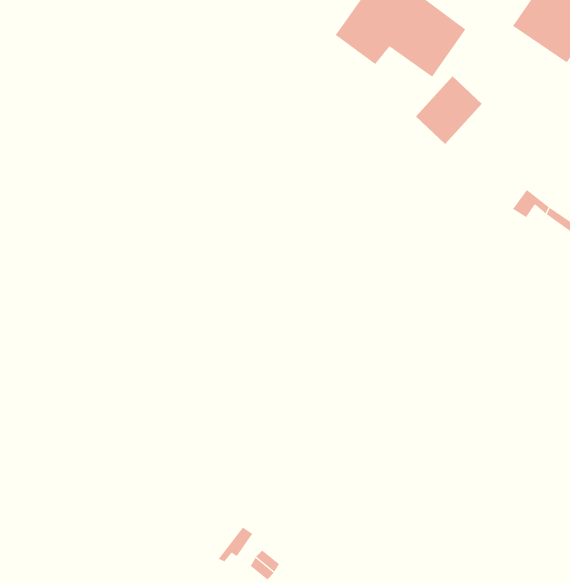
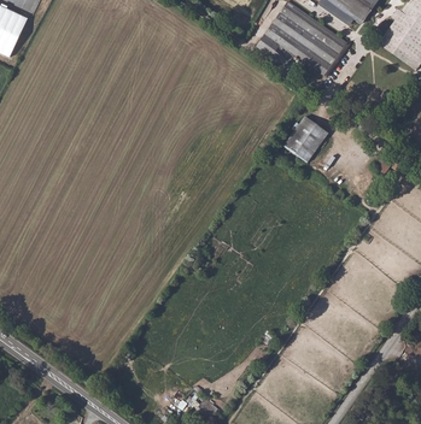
building: [415,76,483,145] -> [283,117,329,164]

